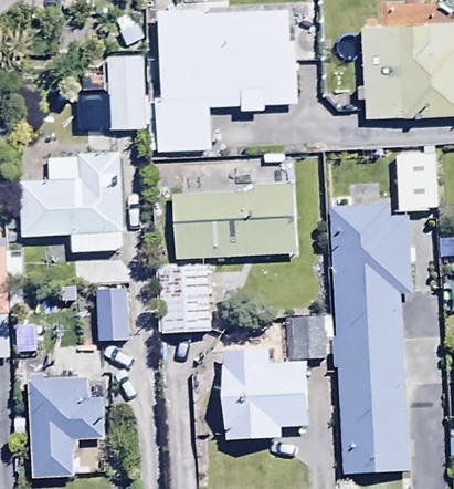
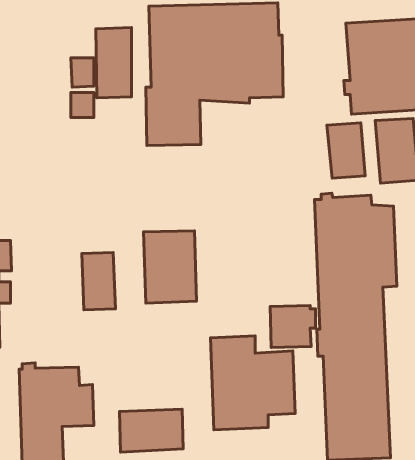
building: none -> [327,123,365,178]
building: [19,153,122,251] -> none
building: [171,163,291,235] -> none
building: none -> [120,409,183,452]

